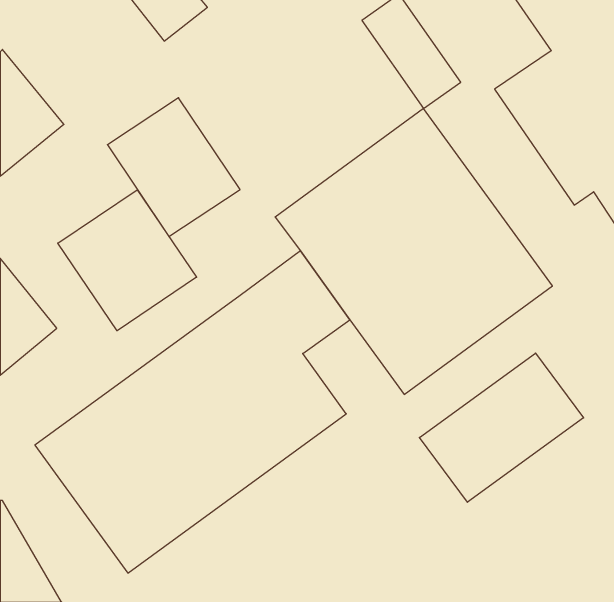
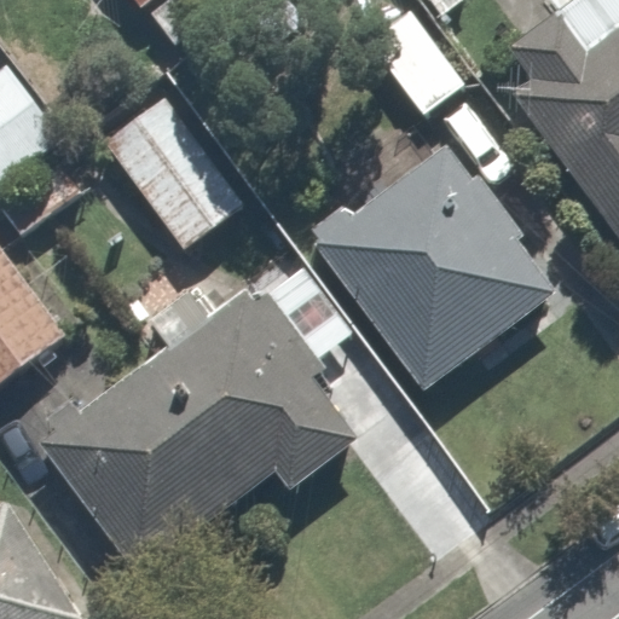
building: [58,190,197,331] -> none
building: [419,353,584,502] -> none

